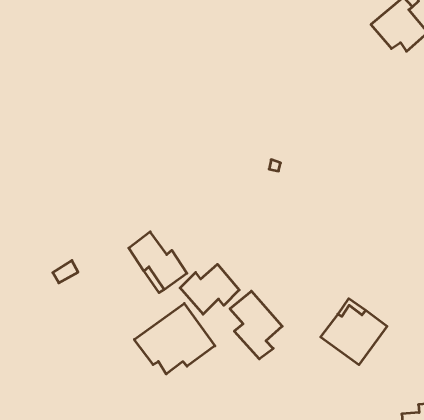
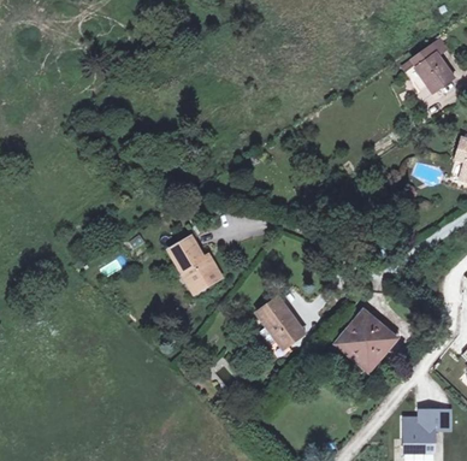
building: [180,264,239,314] -> none
building: [134,303,215,374] -> none

